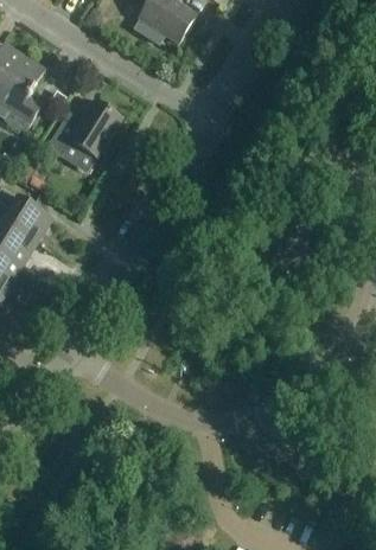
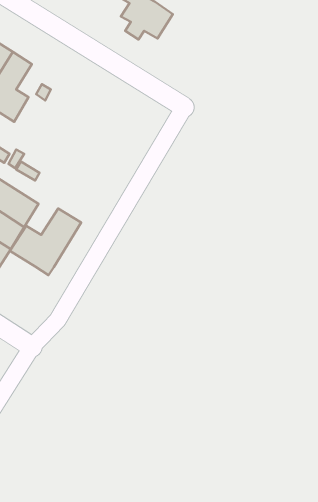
building: [46,101,121,158] -> none
building: none -> [10,208,81,275]

